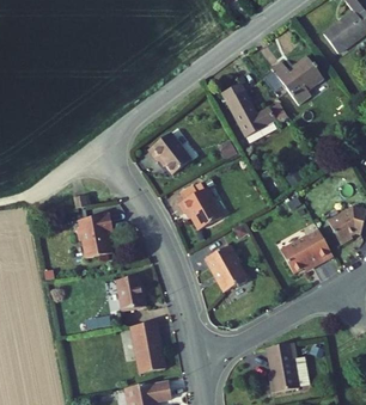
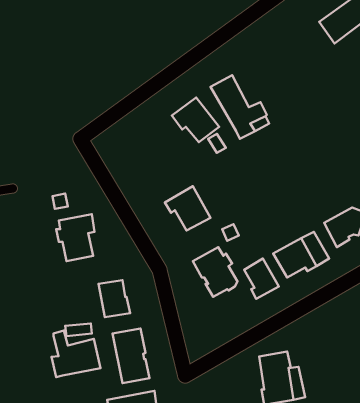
building: [272,56,324,104] -> none
building: [148,131,193,173] -> [172,98,219,142]
building: none -> [244,258,279,299]
building: none -> [51,331,100,377]

